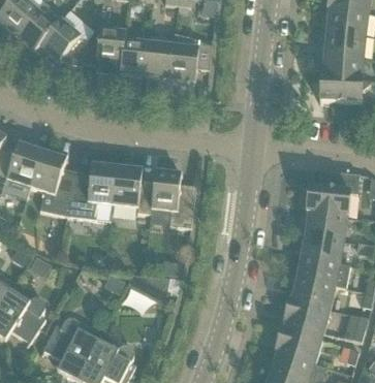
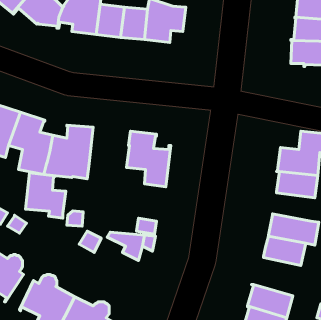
building: [113,166,154,213] -> [25,173,66,218]
building: [301,233,344,262] -> none
building: [281,297,330,331] -> none

